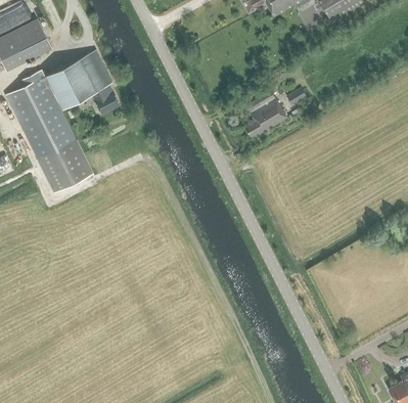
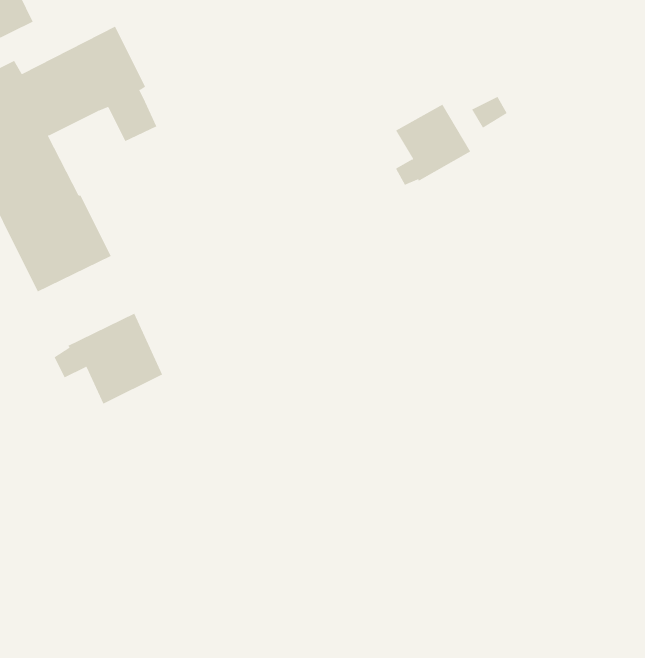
building: none -> [54,313,163,405]

